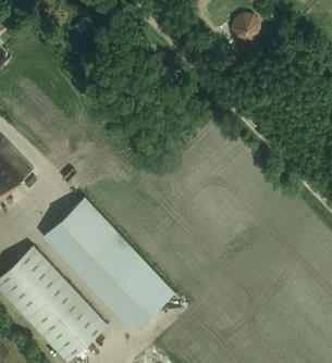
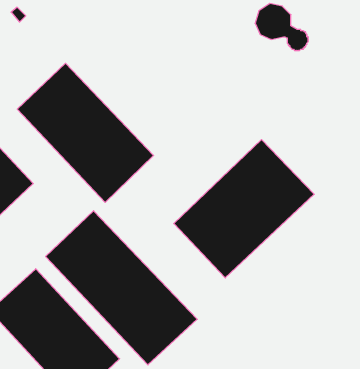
building: none -> [17,63,154,202]
building: none -> [174,140,314,278]

